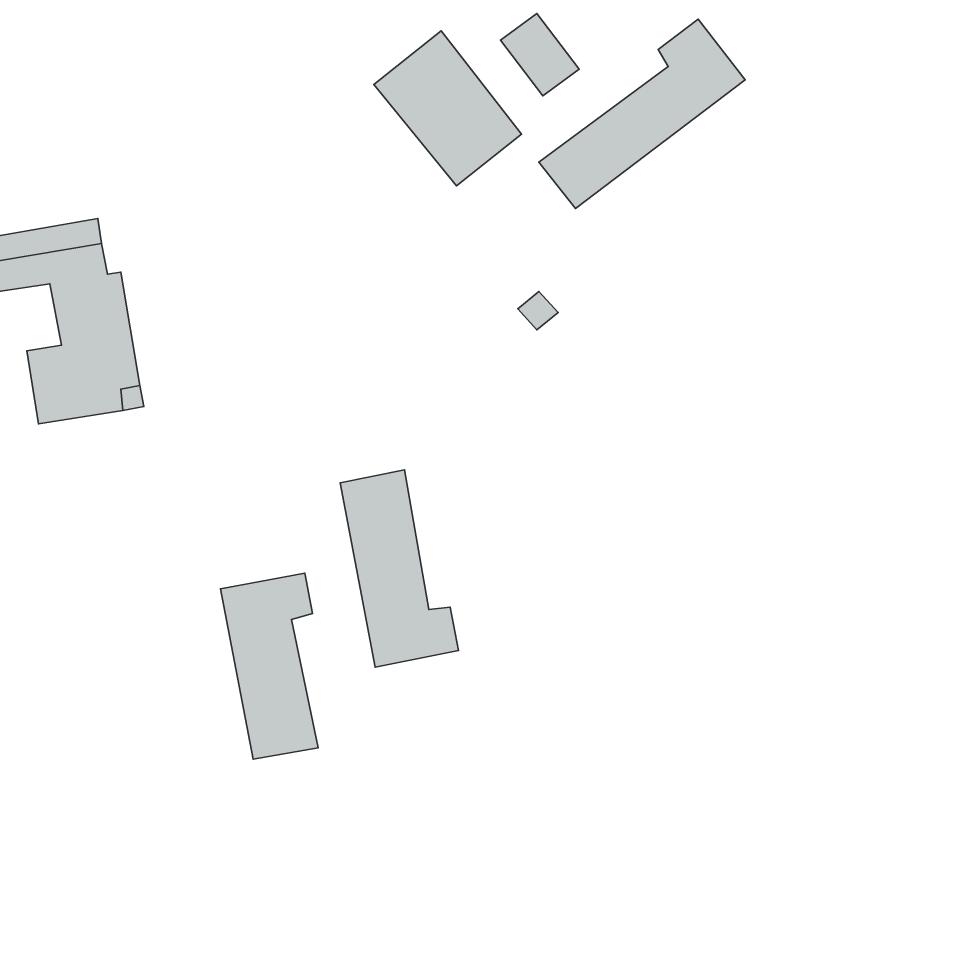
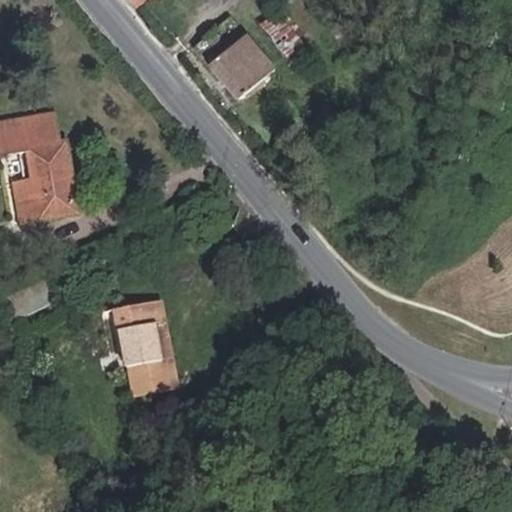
building: [539,19,745,209] -> none
building: [340,470,459,667] -> none

